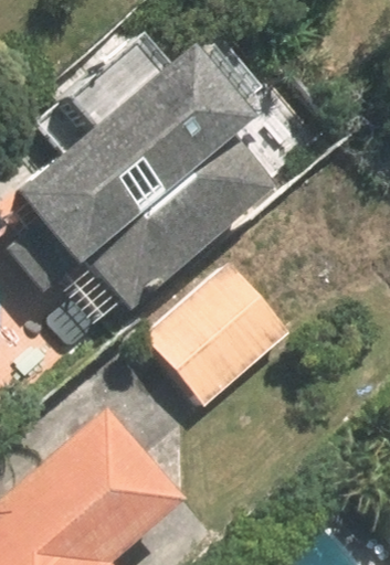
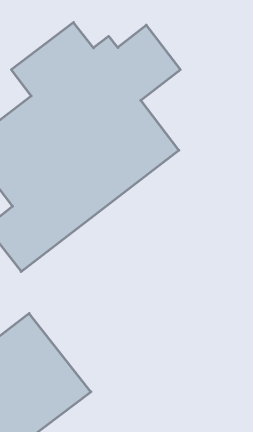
building: [143,266,286,408] -> none

